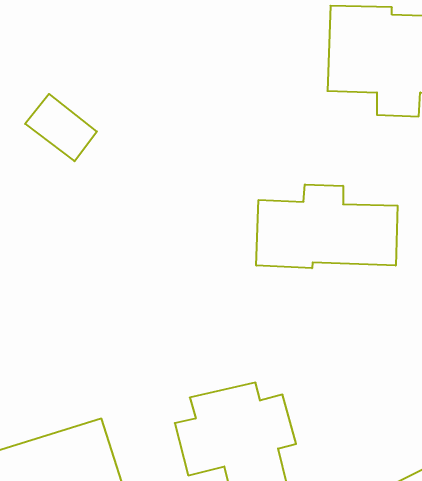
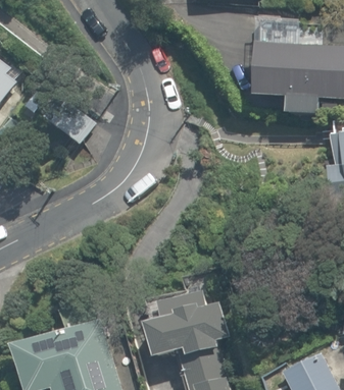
building: [256,184,398,268] -> none

